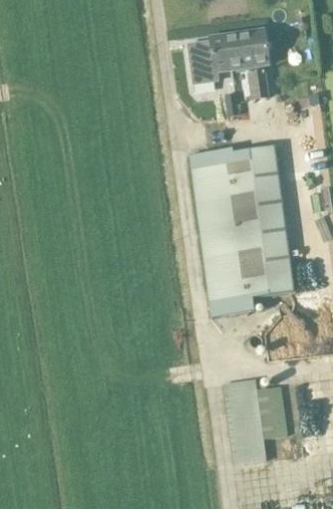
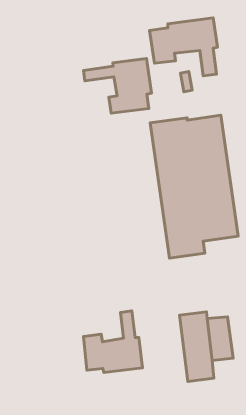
building: none -> [83,58,152,113]
building: none -> [83,311,142,373]

